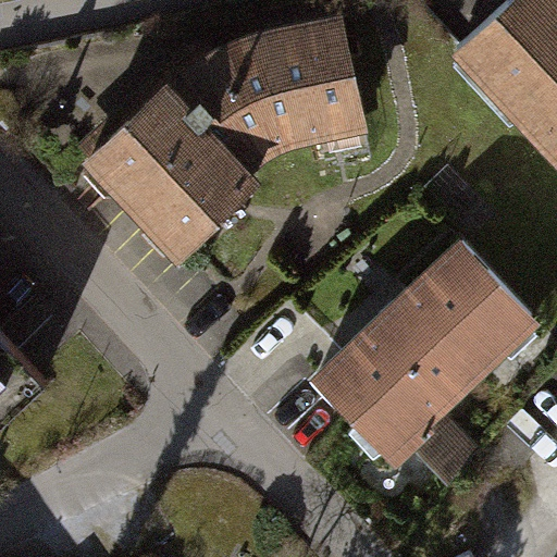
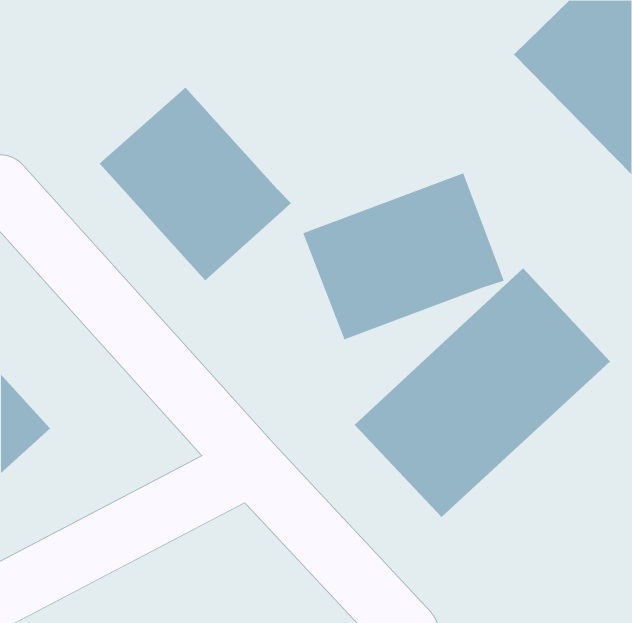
building: [163,18,360,174] -> none
building: none -> [303,172,505,340]

